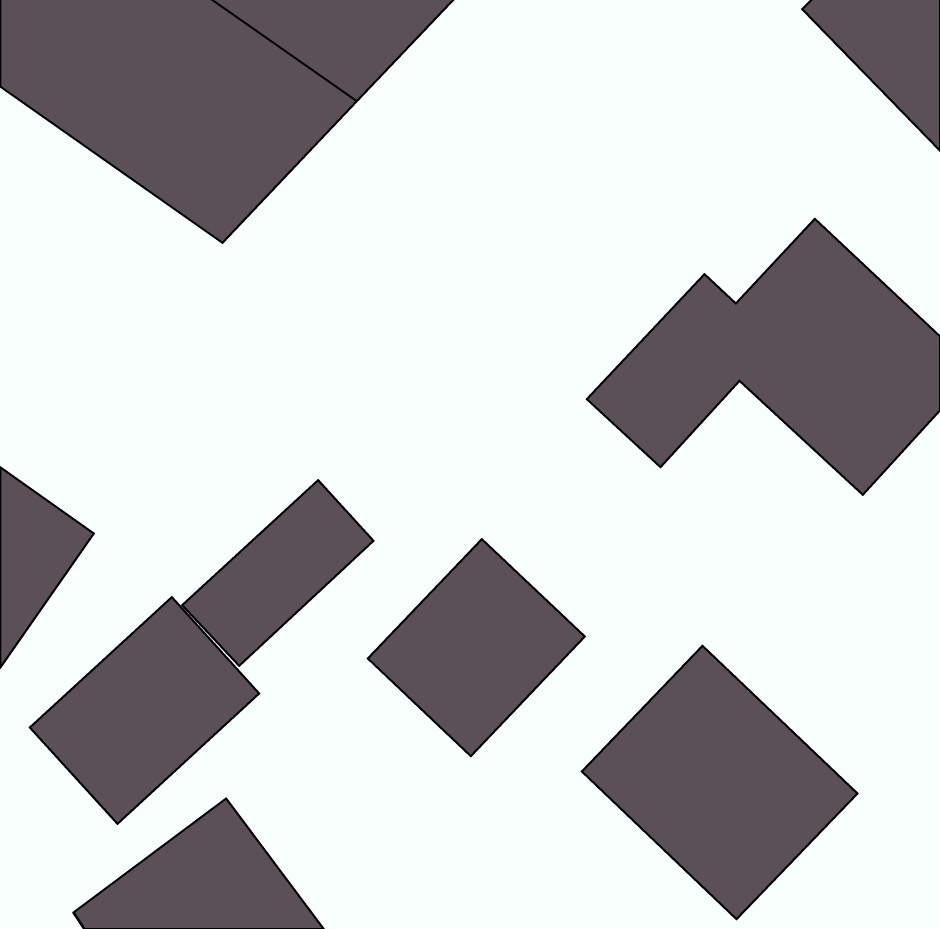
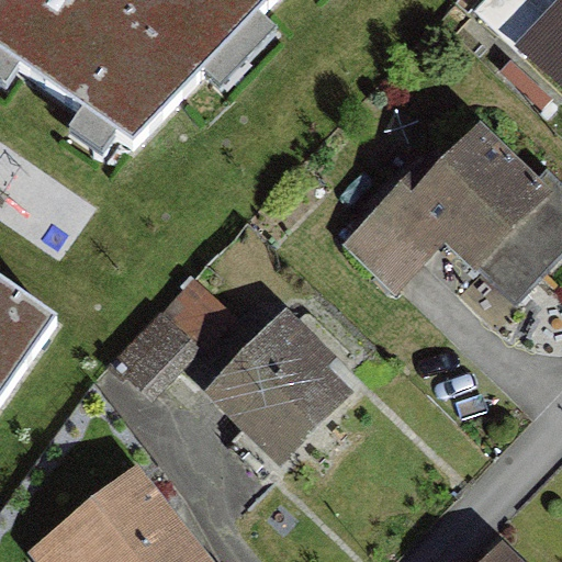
building: [30,597,259,824] -> none
building: [582,646,857,919] -> none

